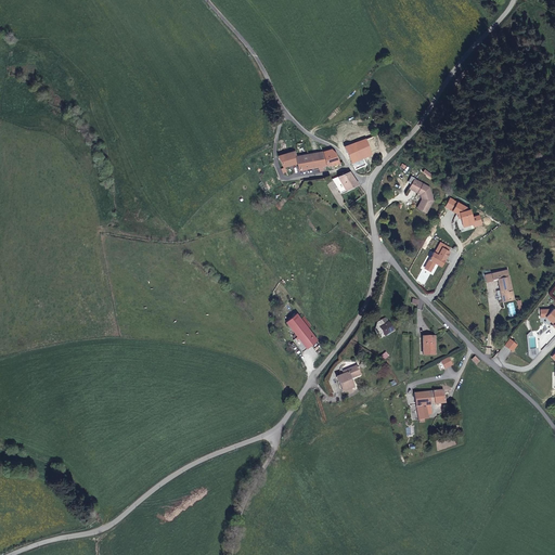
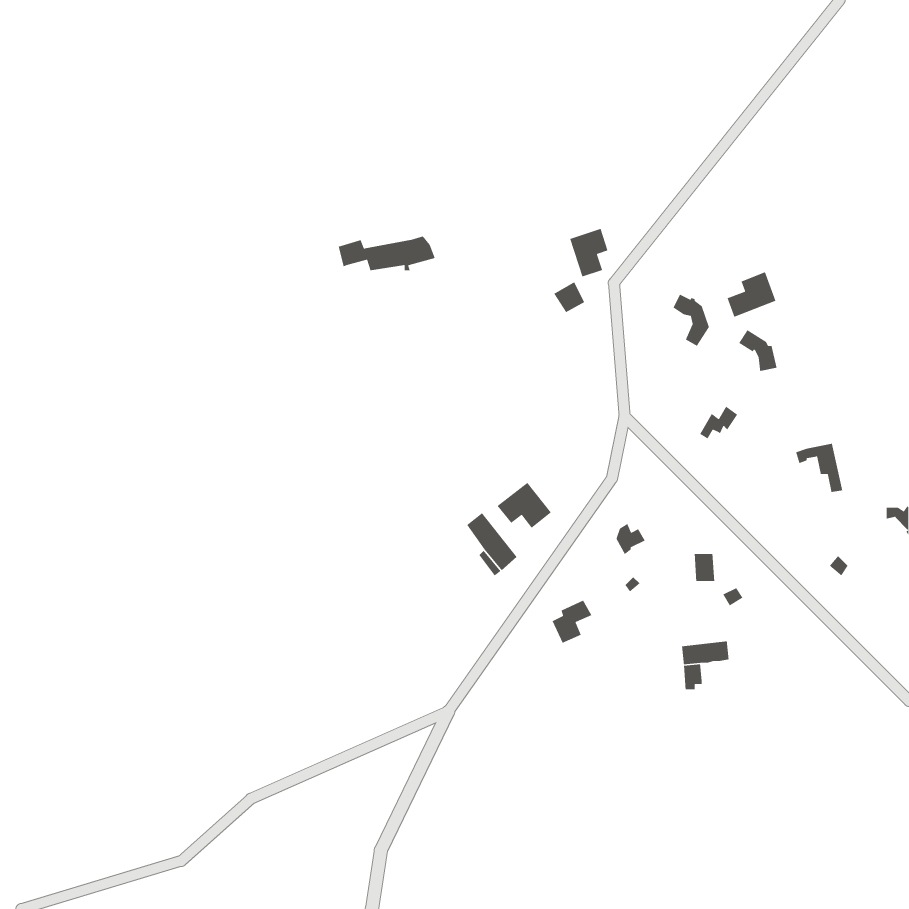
building: [280,149,339,170] -> [338,235,436,271]
building: none -> [726,271,777,318]
building: none -> [497,482,552,529]

